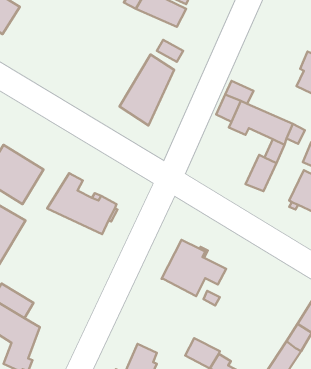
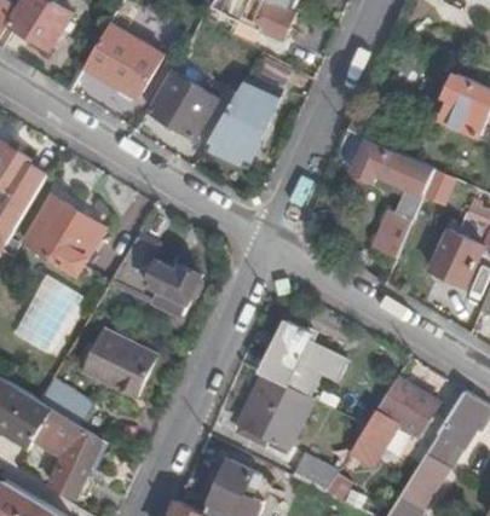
building: none -> [85,25,162,100]
building: none -> [148,73,215,138]
building: none -> [80,327,154,395]
building: none -> [238,373,311,454]
building: none -> [351,378,437,462]

